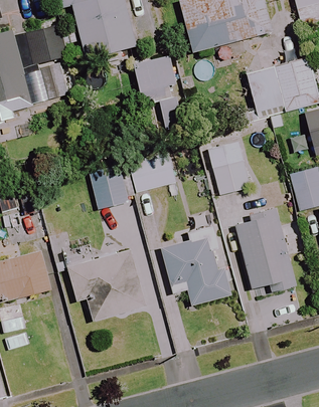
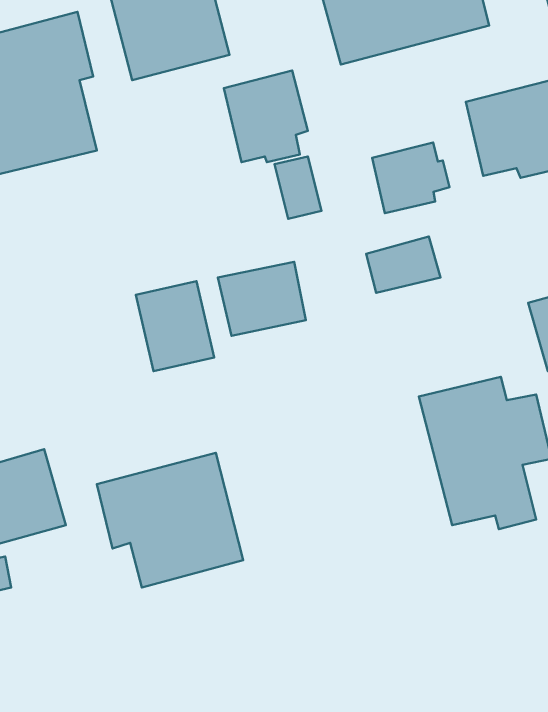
building: none -> [372,142,449,213]
building: [211,161,252,195] -> none
building: [160,227,230,304] -> none

